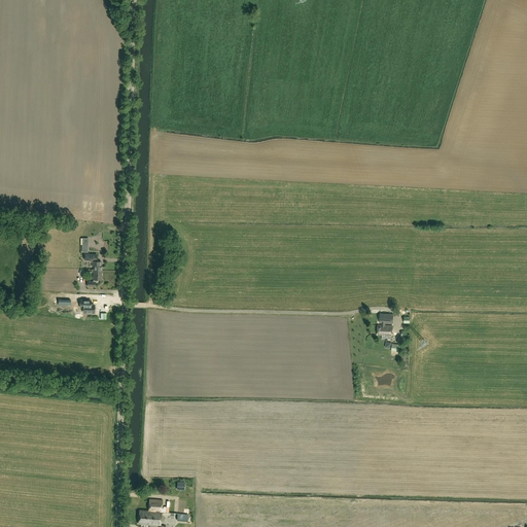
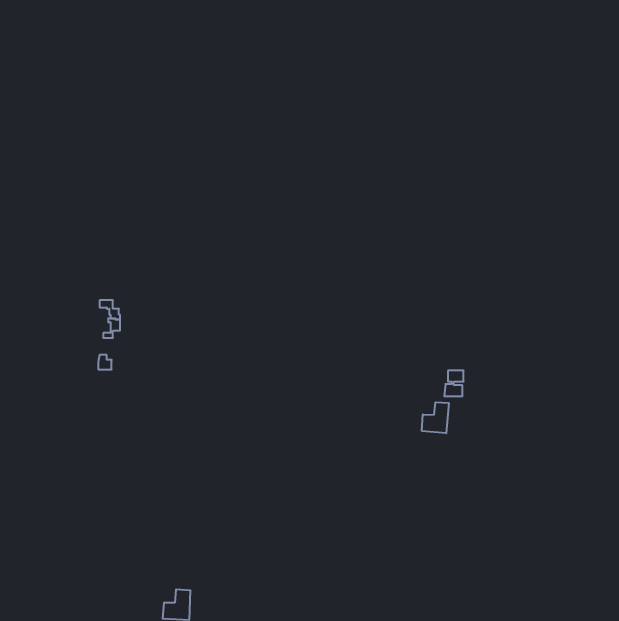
building: none -> [422,402,449,433]

